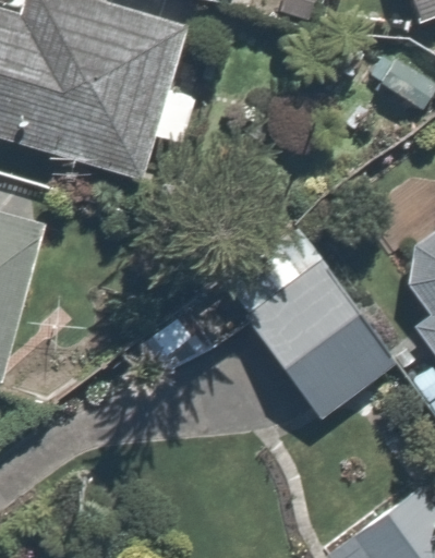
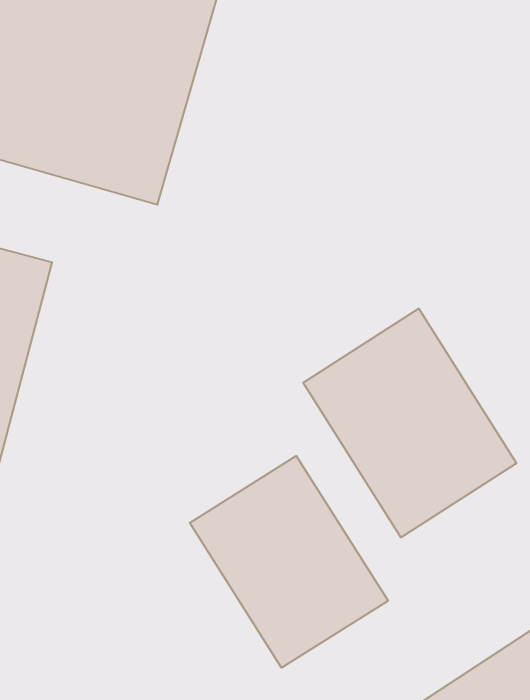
building: none -> [190,456,388,668]

